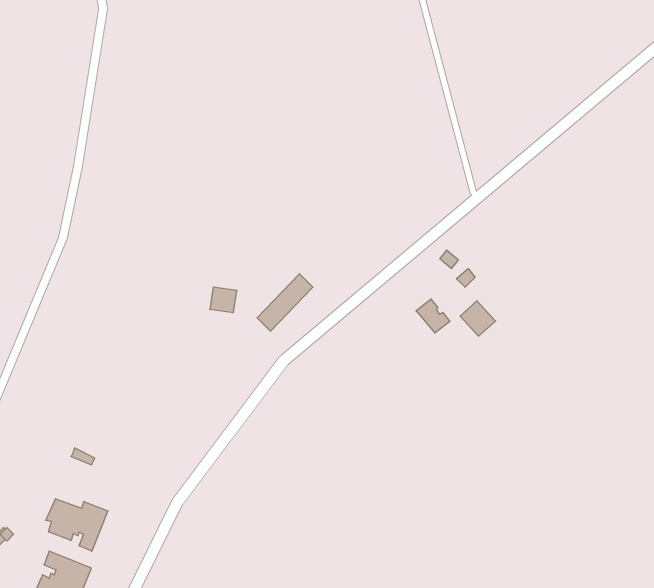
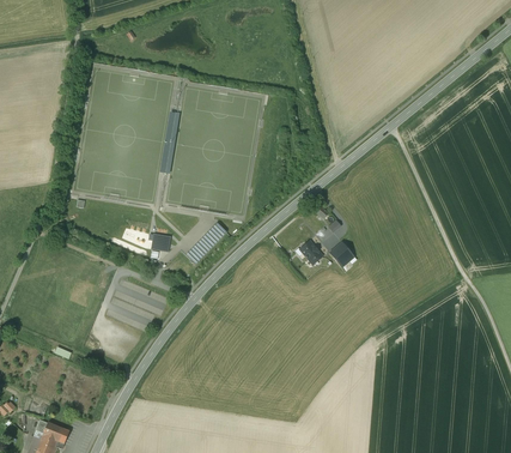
building: [46,499,108,551] -> none

